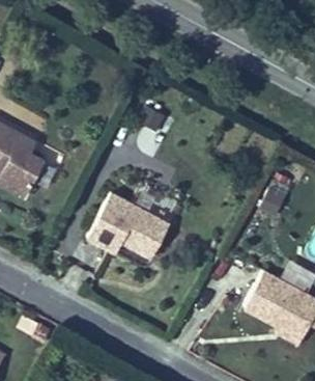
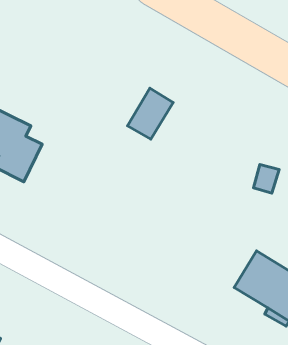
building: [94,195,190,265] -> none

